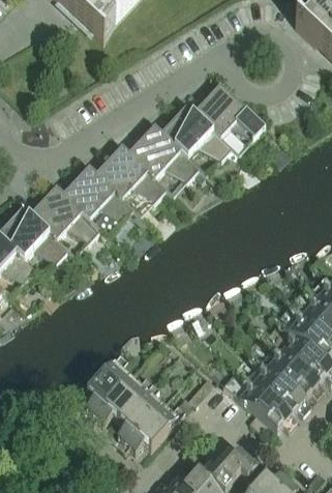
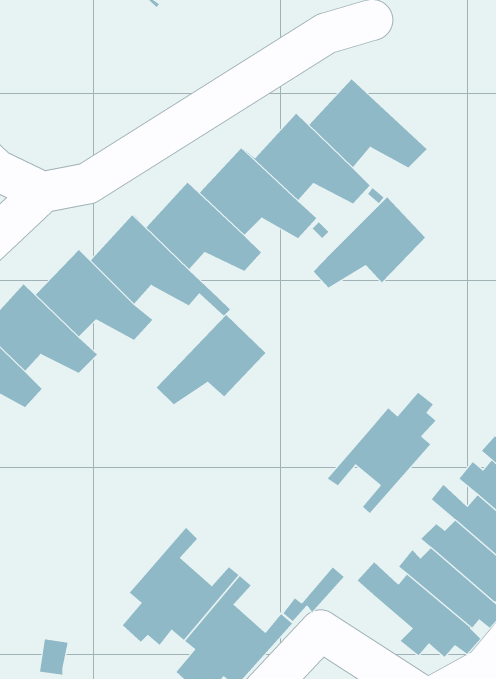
building: none -> [313,196,437,289]
building: none -> [156,314,277,405]
building: none -> [327,392,436,514]

